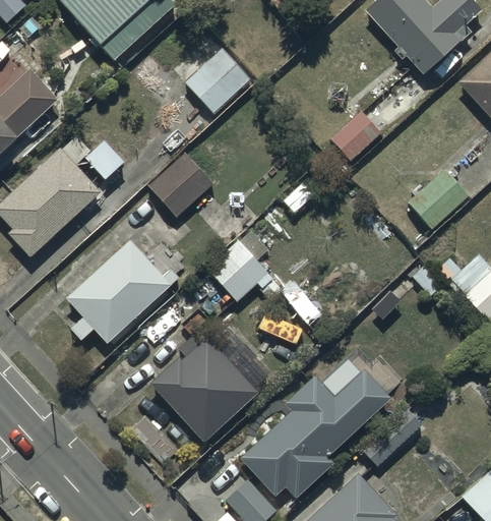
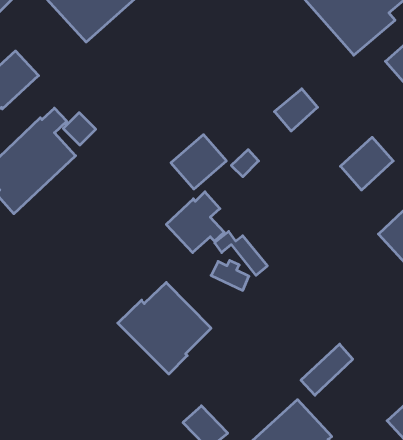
building: [187,53,254,119] -> none
building: [148,155,212,218] -> [171,135,226,189]
building: [66,239,179,343] -> none
building: [240,369,390,499] -> none

